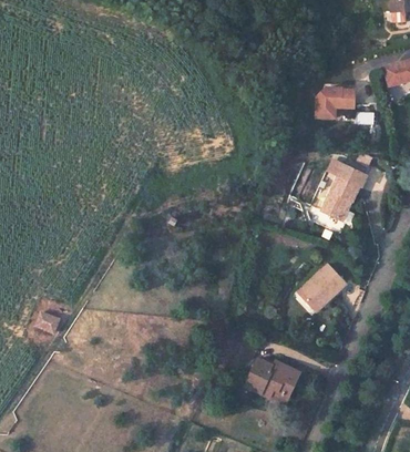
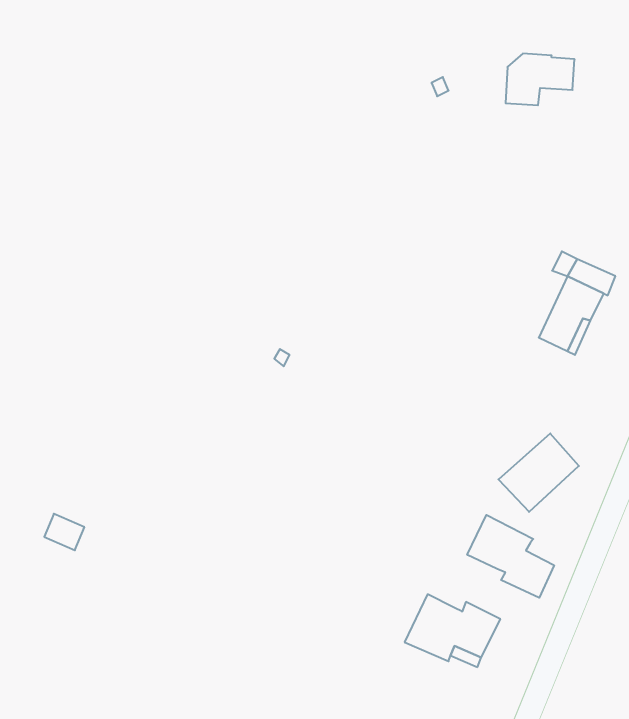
building: [322,88,362,117] -> [506,54,575,105]
building: none -> [467,515,554,598]

